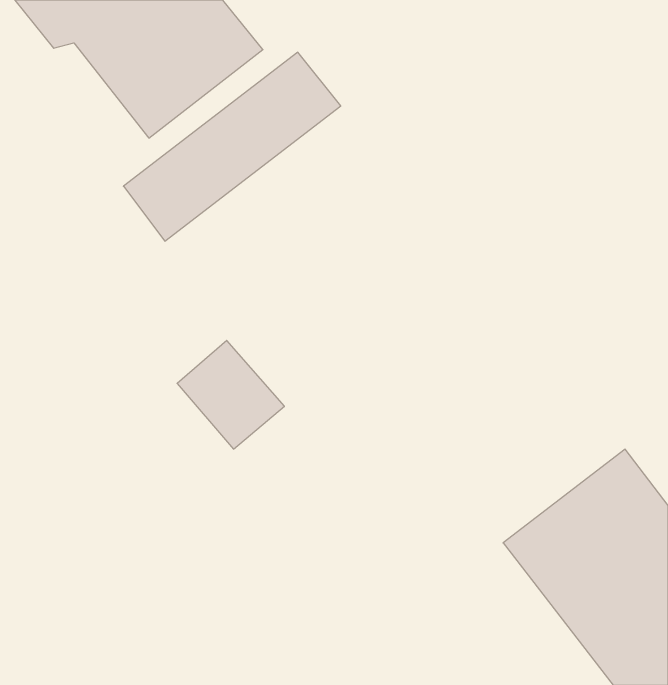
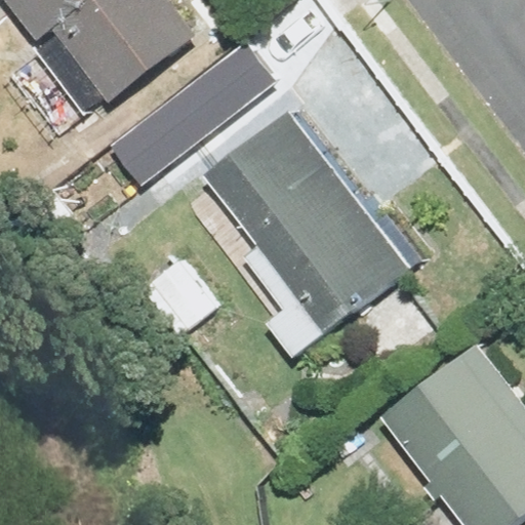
building: none -> [206,113,408,335]

